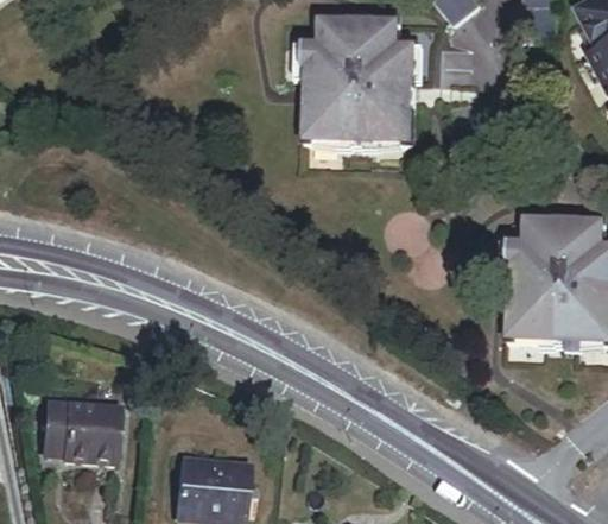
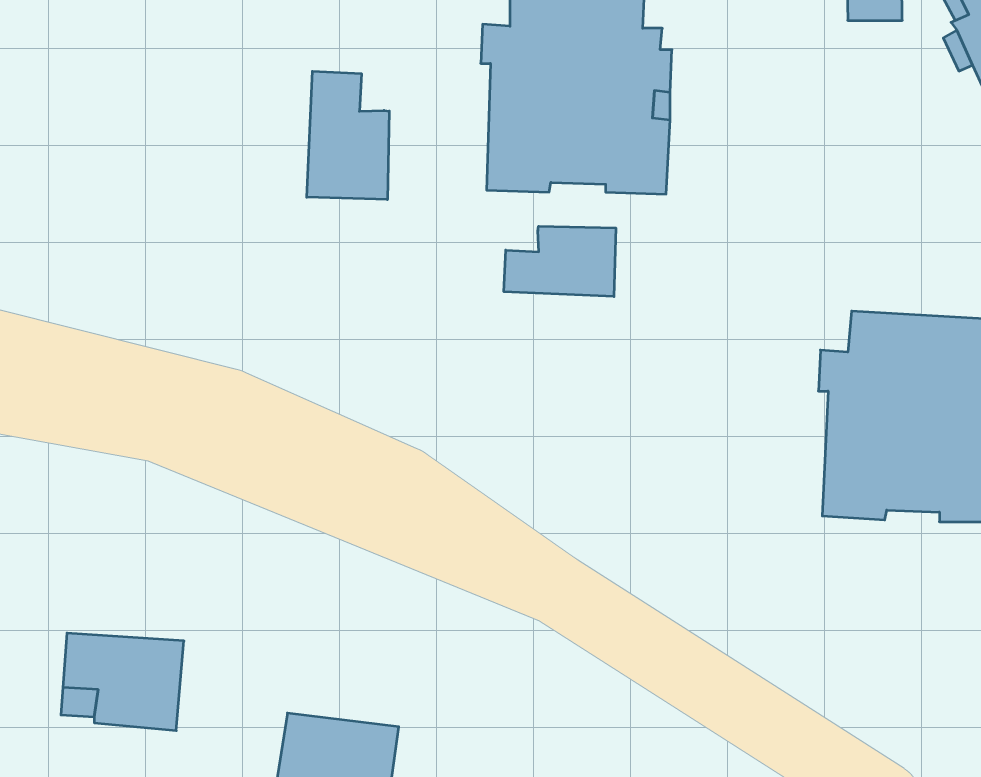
building: none -> [307,71,389,200]
building: none -> [504,226,616,297]

